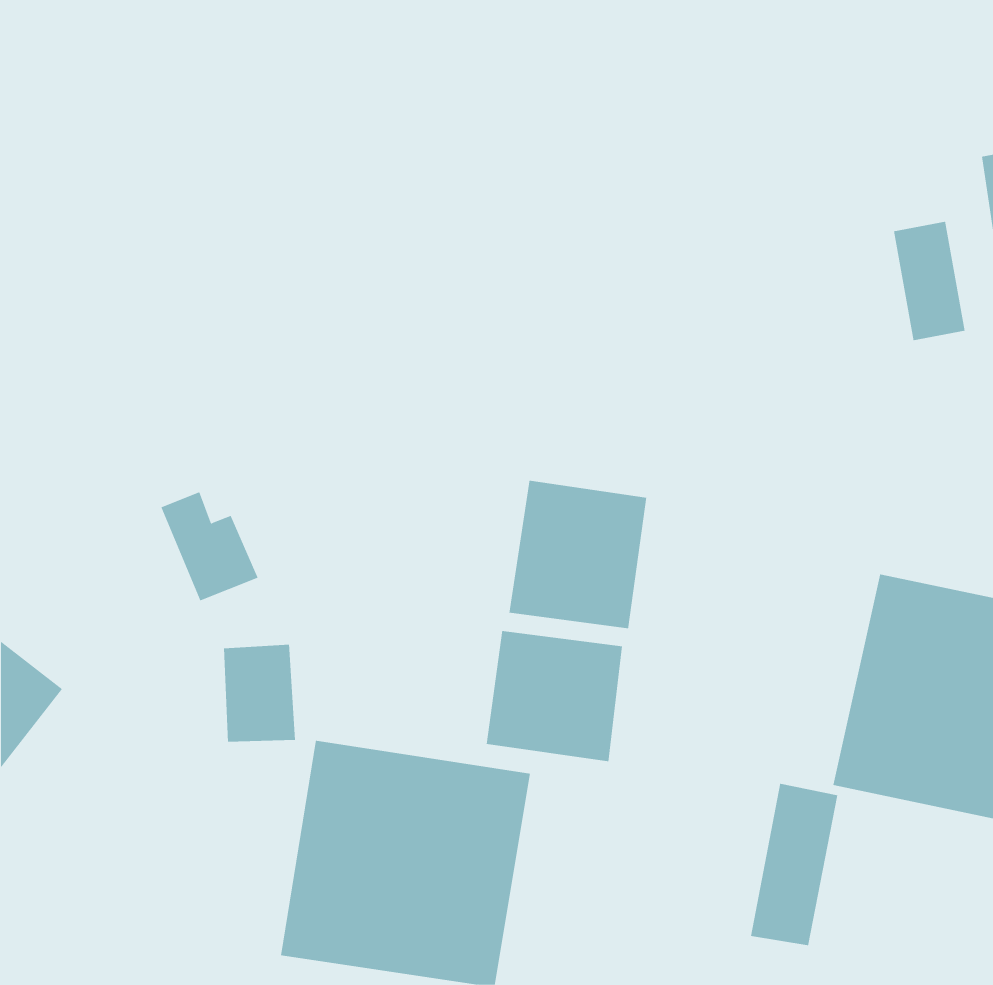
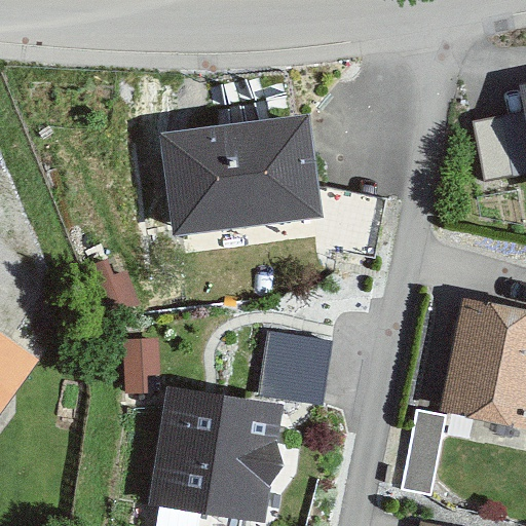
building: none -> [160,112,321,236]
building: [509,480,647,629] -> none

